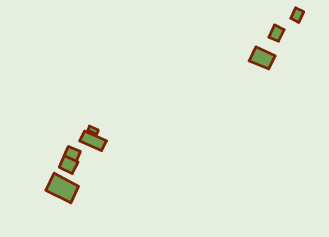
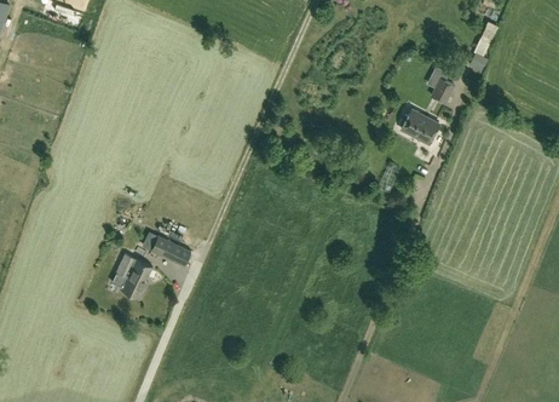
building: [46,173,78,203] -> none

